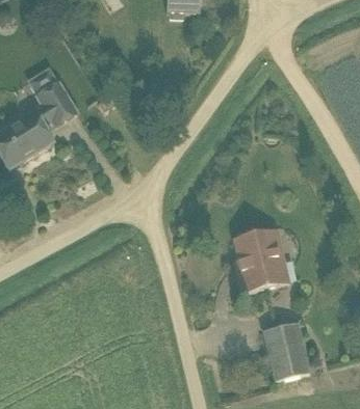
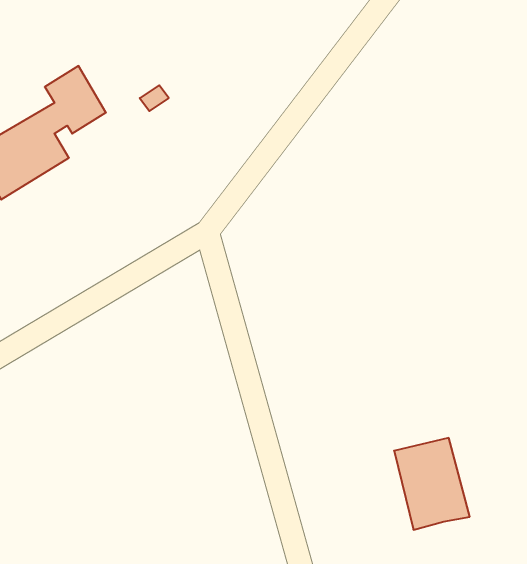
building: [235,227,288,292] -> none

